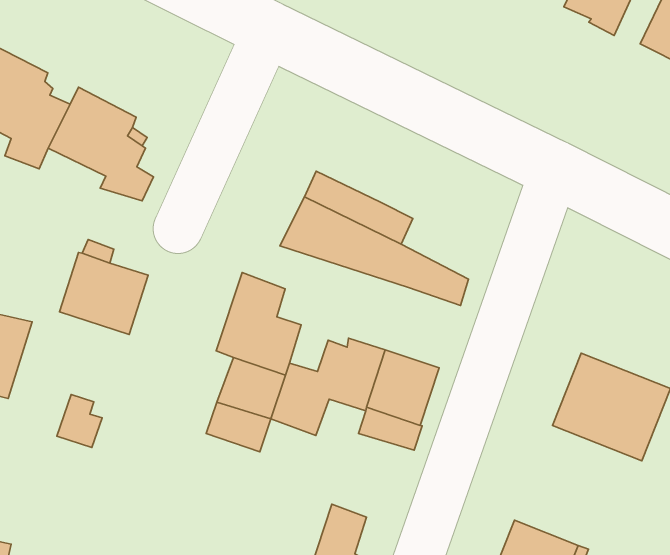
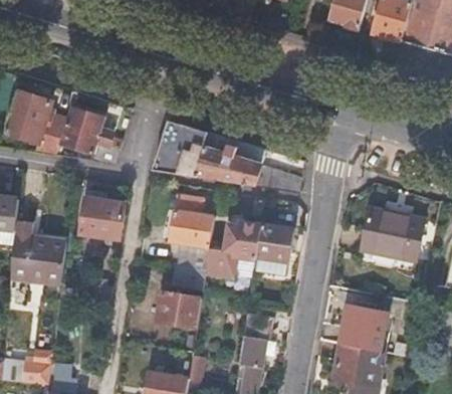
building: none -> [161,124,202,173]
building: none -> [156,292,201,340]

